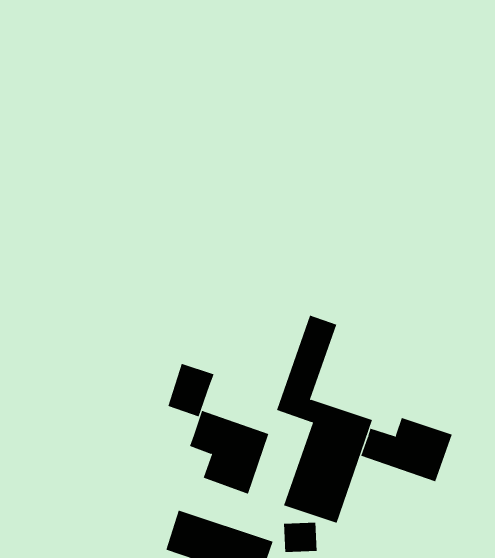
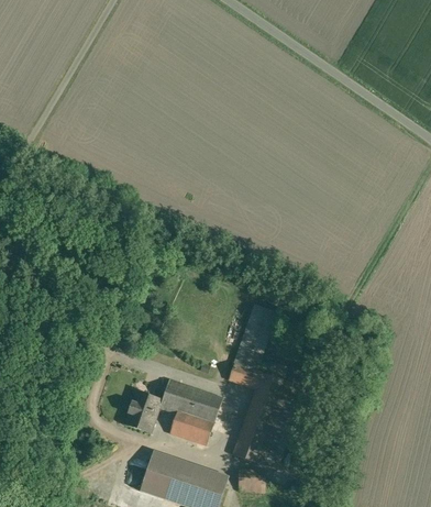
building: [167,363,214,417] -> [124,389,162,432]
building: [360,417,453,482] -> none

